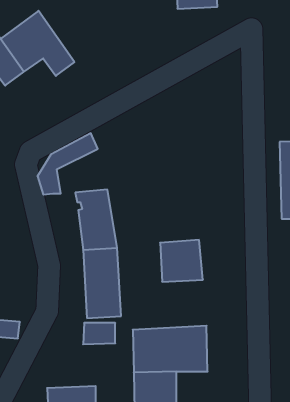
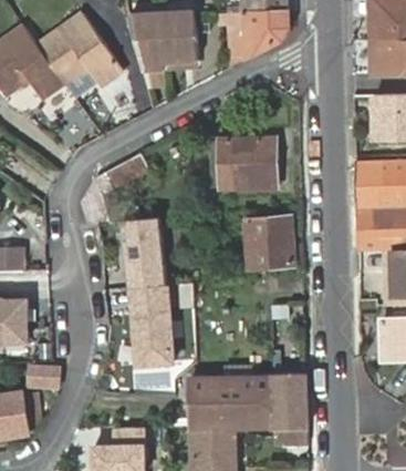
building: none -> [226,8,289,69]
building: none -> [127,11,198,78]
building: none -> [221,137,277,187]
building: [160,240,203,282] -> [247,218,295,266]
building: none -> [272,372,306,424]

